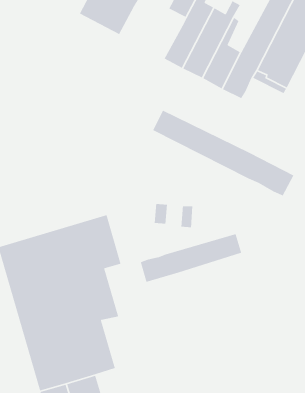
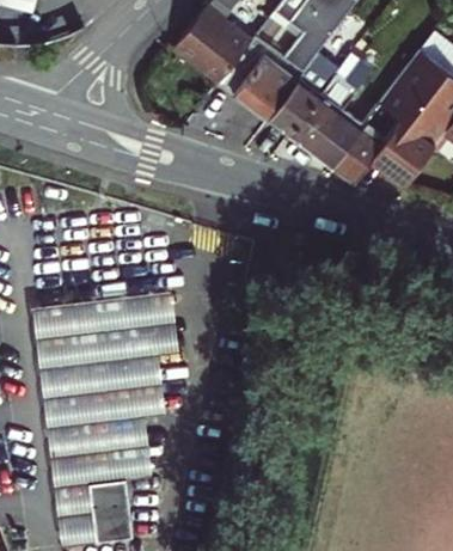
building: none -> [220,49,299,117]
building: [152,110,294,196] -> none
building: [140,233,242,283] -> none

